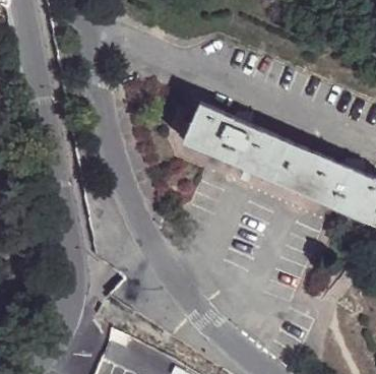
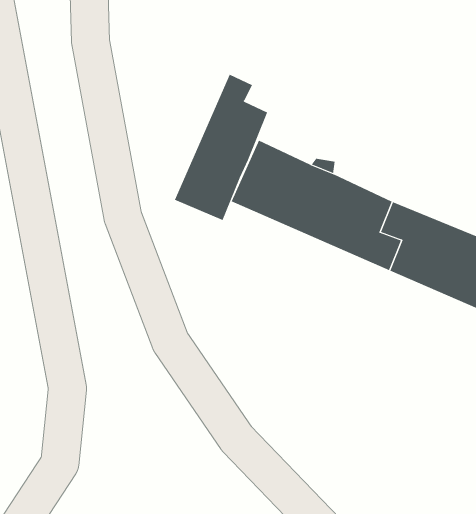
building: none -> [174,74,268,221]

